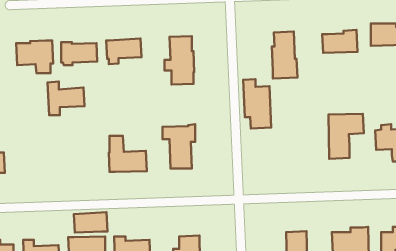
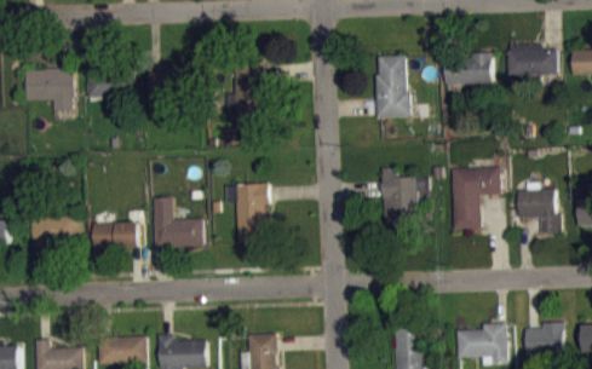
building: [243,79,271,128] -> [381,167,420,235]
building: [47,81,84,115] -> [29,206,80,252]
building: [74,212,107,233] -> [93,221,139,249]

